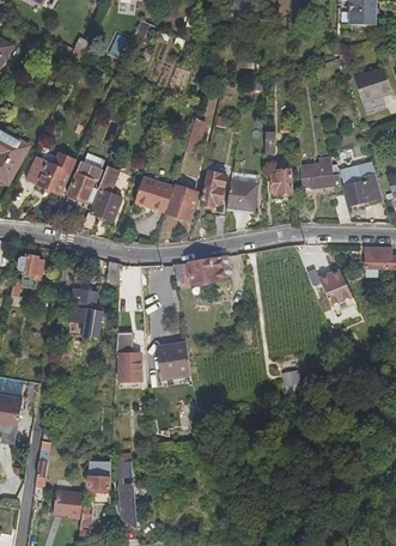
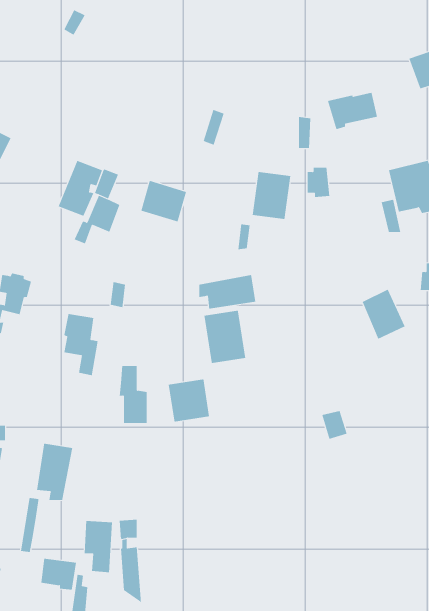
building: [26,150,74,195] -> none
building: [299,160,341,192] -> [327,92,378,130]
building: [201,171,227,208] -> none
building: [166,187,194,220] -> none
building: none -> [204,310,246,364]
building: none -> [37,443,73,501]

